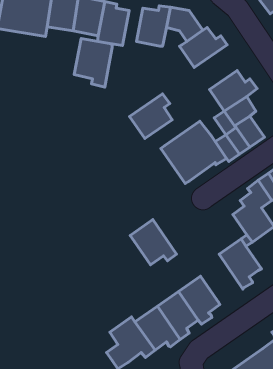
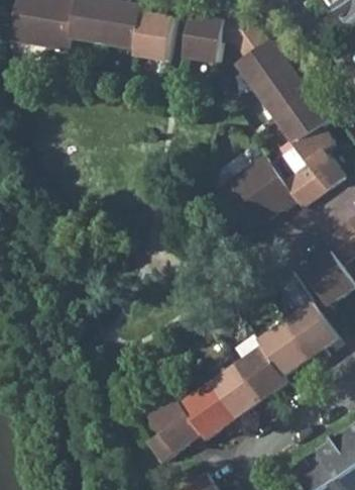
building: [74,38,112,87] -> none
building: [129,94,172,138] -> [253,61,307,116]
building: [130,219,176,265] -> [256,321,314,378]

